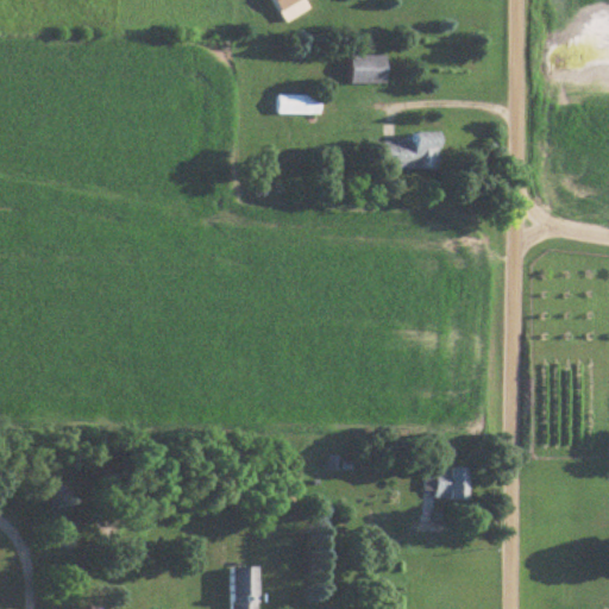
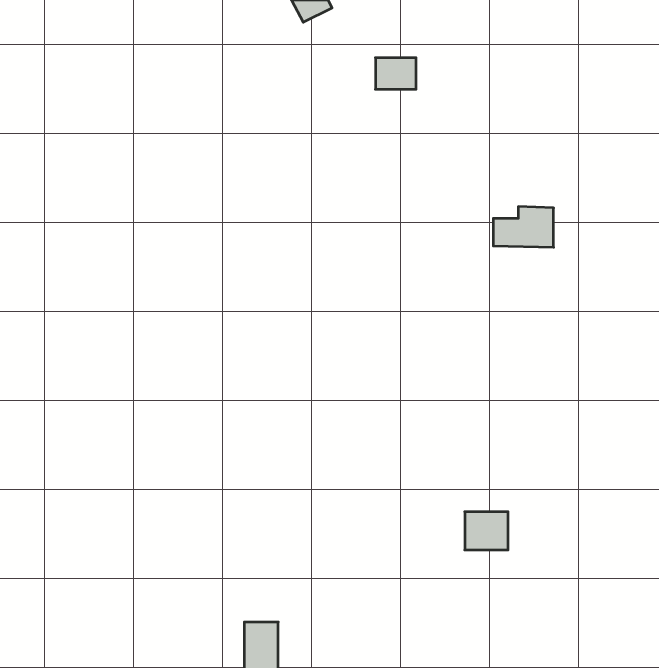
building: [280,93,322,114] -> none
building: [387,131,441,168] -> [493,207,554,247]

